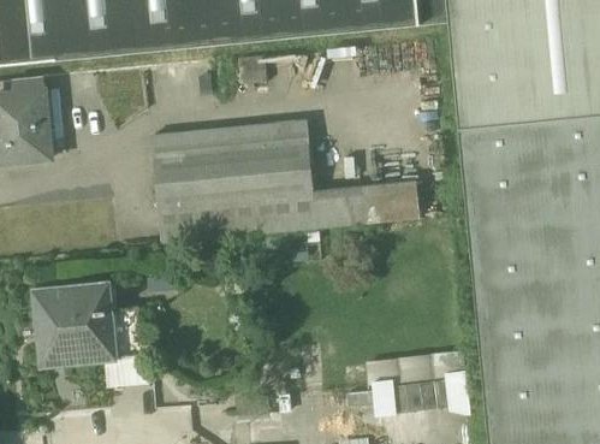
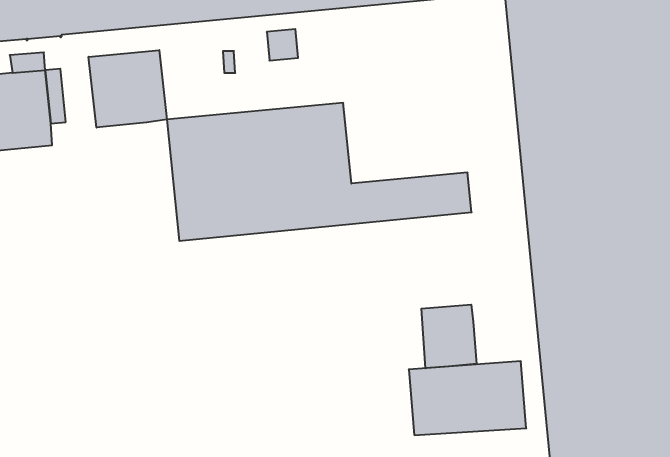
building: none -> [89,50,167,128]
building: [35,282,141,366] -> none
building: none -> [421,305,476,368]

